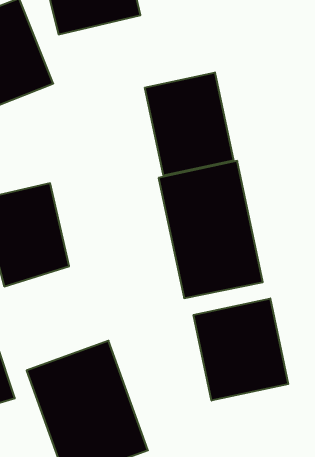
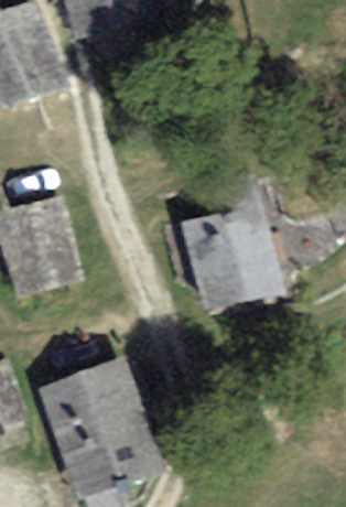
building: [145,72,233,176] -> none
building: [194,298,288,401] -> none

